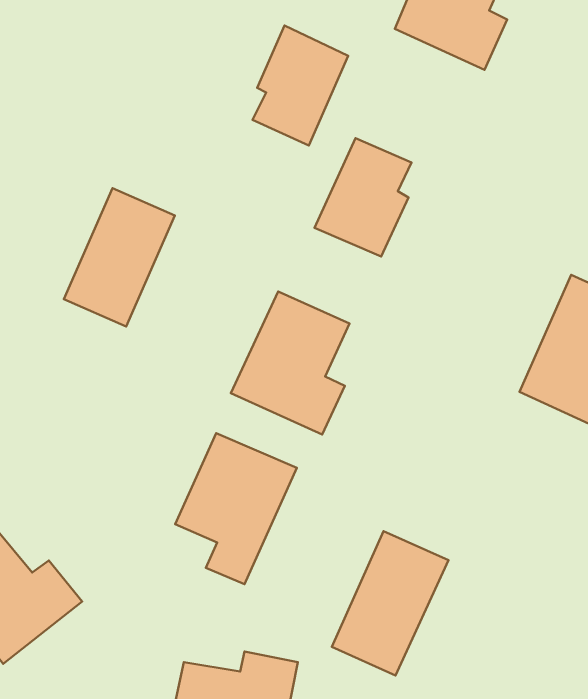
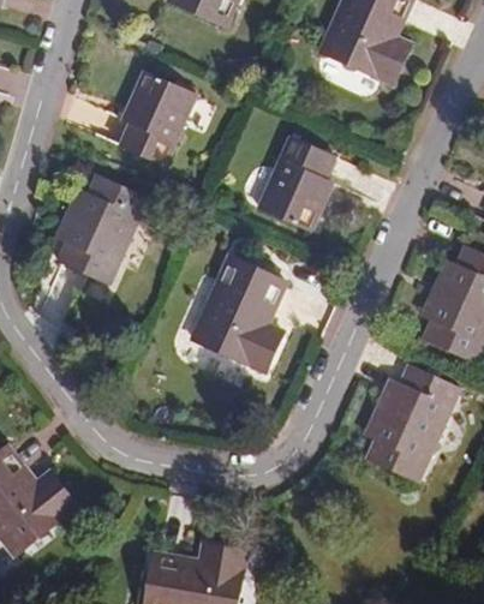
building: [253,25,348,146] -> [119,70,195,165]
building: [175,433,297,584] -> none
building: [332,531,449,676] -> [365,365,458,479]

